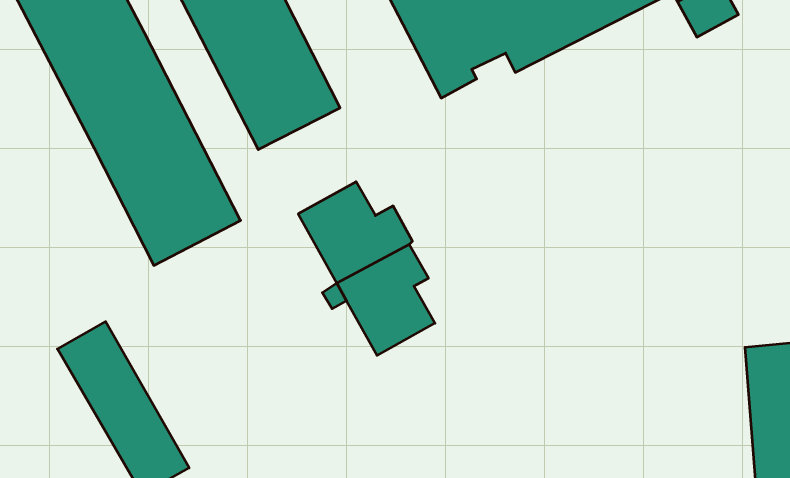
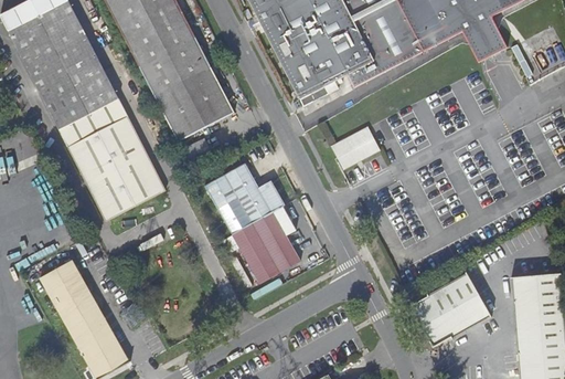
building: none -> [331,125,381,169]
building: none -> [411,273,490,345]

